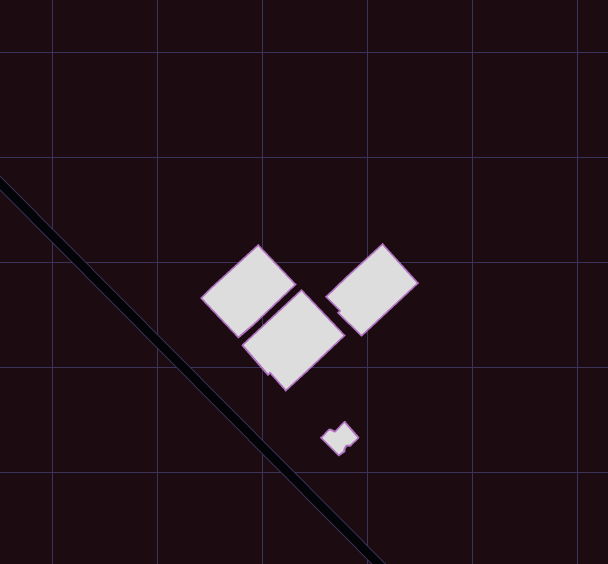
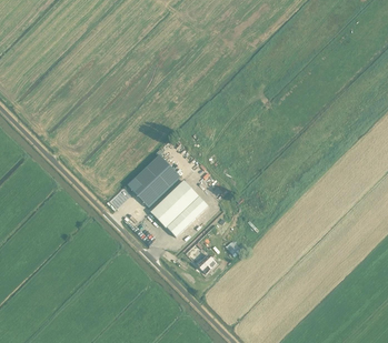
building: [326,244,418,336] -> none

